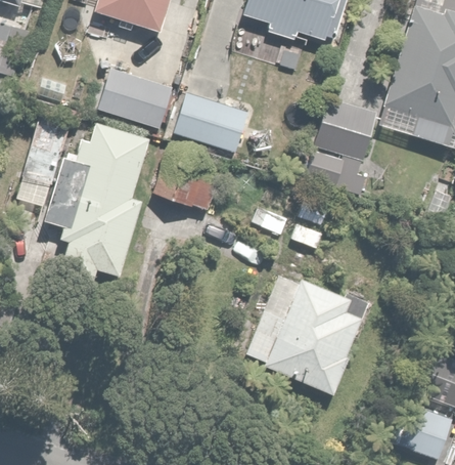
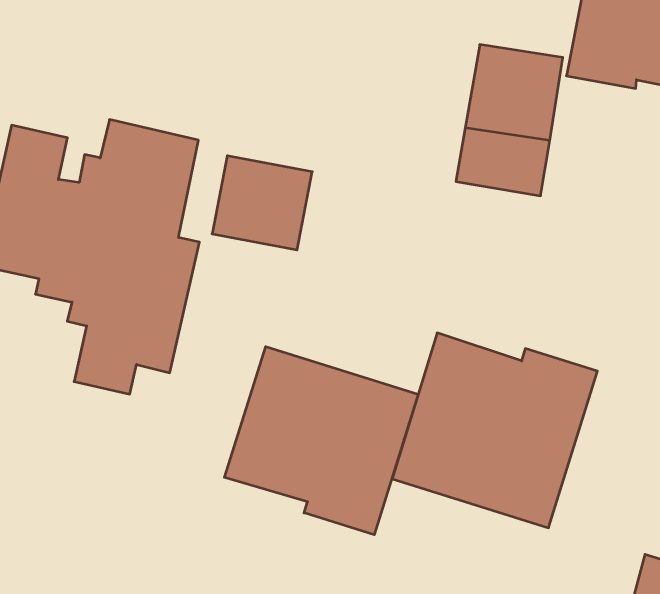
building: [97,68,176,130] -> none
building: [173,90,249,153] -> none
building: none -> [224,347,418,535]

